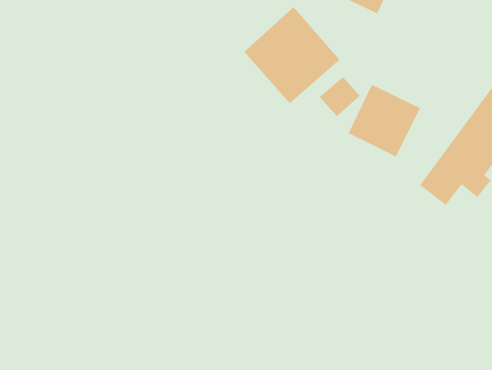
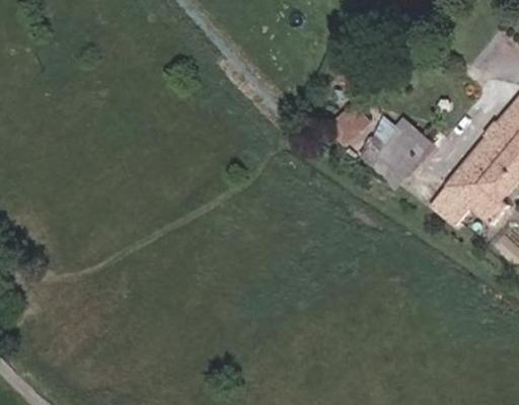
building: [243,6,341,104] -> none

